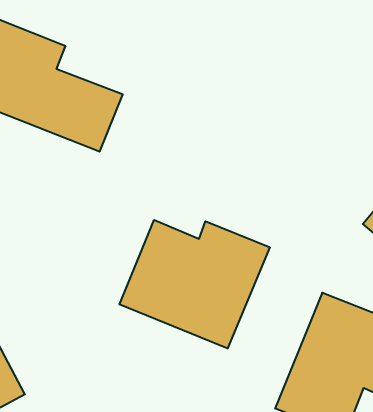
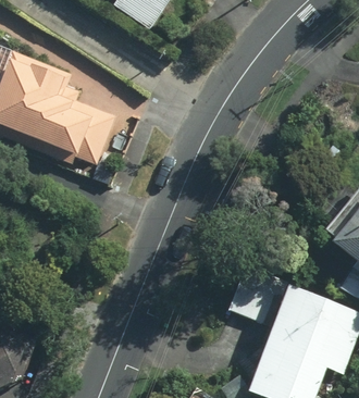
building: [119,220,270,348] -> none

